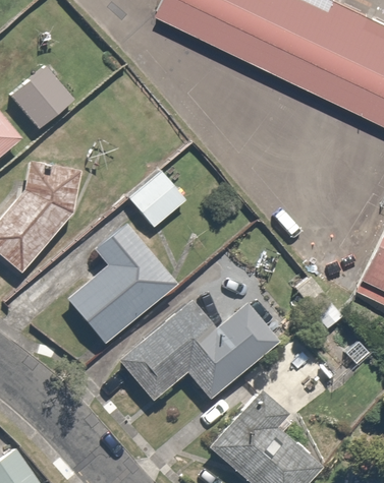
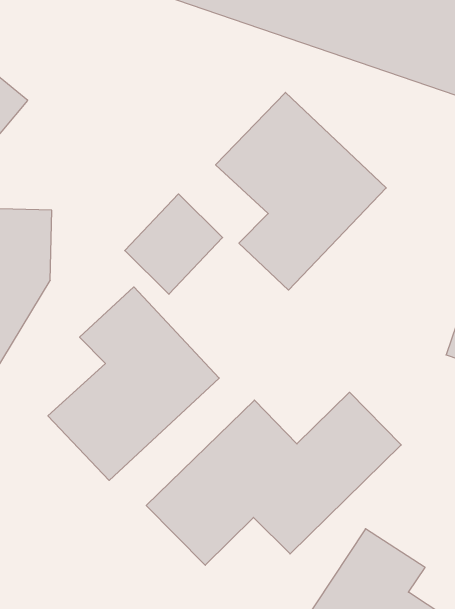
building: none -> [216,92,386,290]

